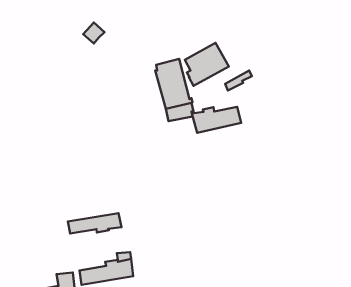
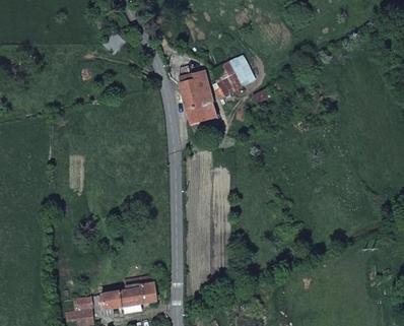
building: [192,107,241,133] -> none
building: [68,213,122,233] -> none

